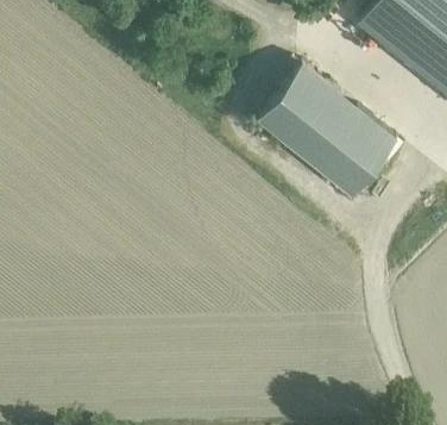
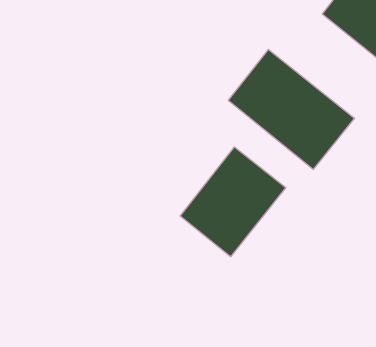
building: none -> [180,147,286,257]

